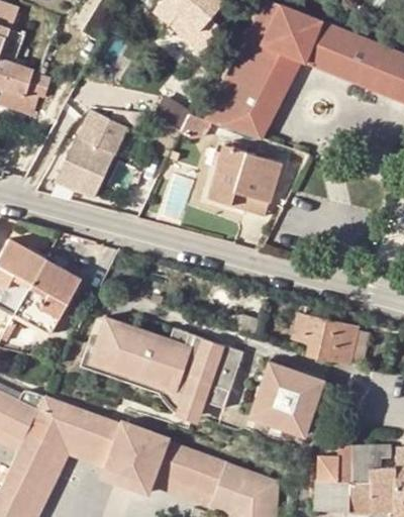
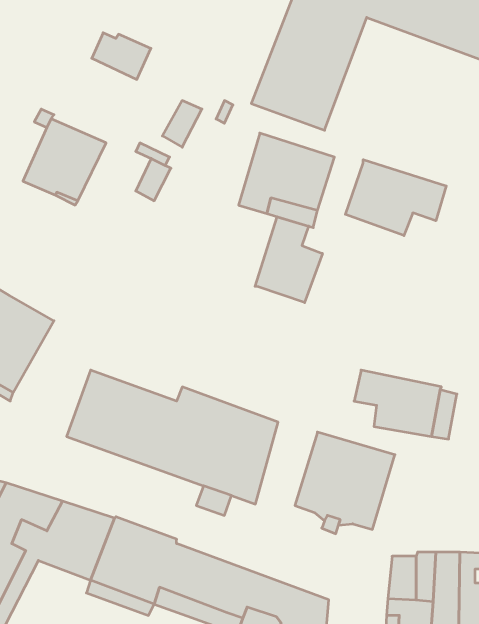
building: [83,116,125,149] -> [92,33,151,79]
building: none -> [345,160,446,236]
building: none -> [255,217,322,303]

